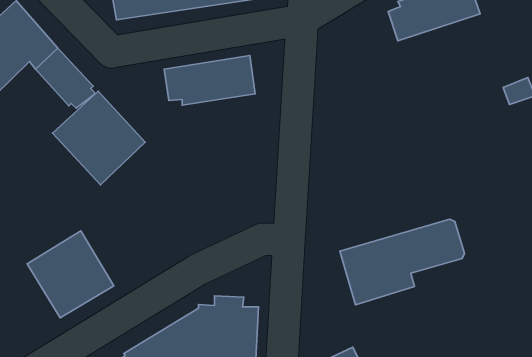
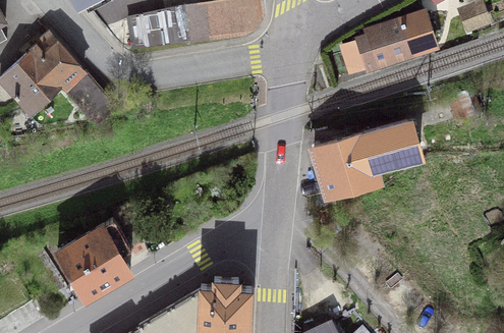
building: [164,55,255,105] -> none
building: [52,91,145,185] -> none
building: [340,219,465,305] -> [315,122,418,193]

